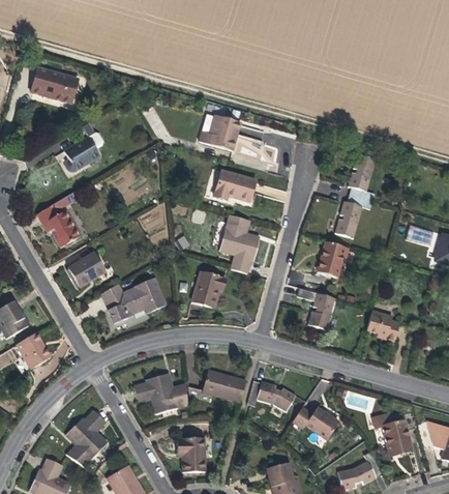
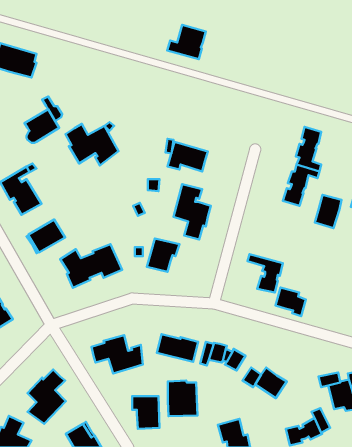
building: [199,114,239,150] -> [167,25,206,59]
building: none -> [65,124,118,166]
building: [317,241,345,277] -> [315,195,341,228]
building: [366,311,398,341] -> [275,288,306,316]
building: none -> [168,380,197,416]

